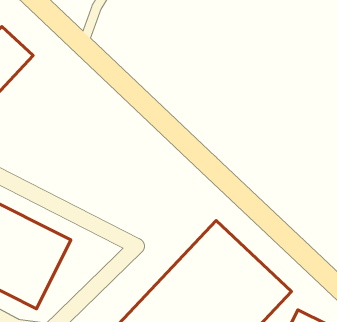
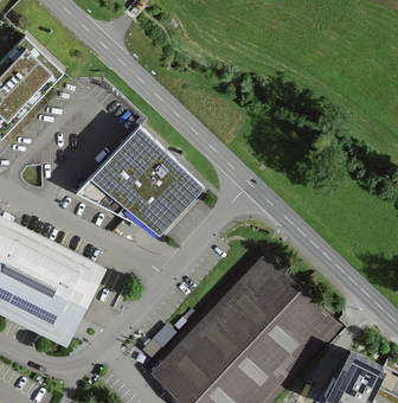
building: none -> [73,128,201,239]

